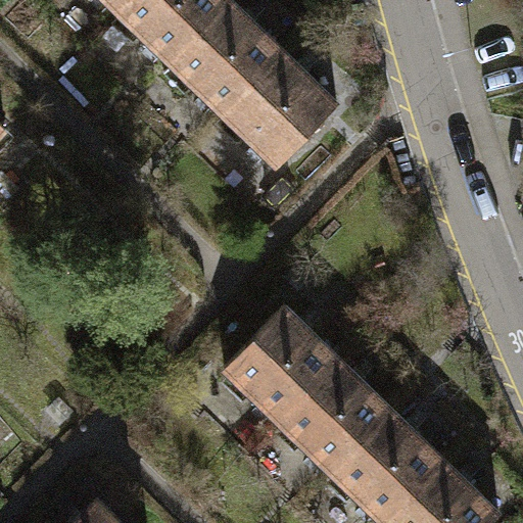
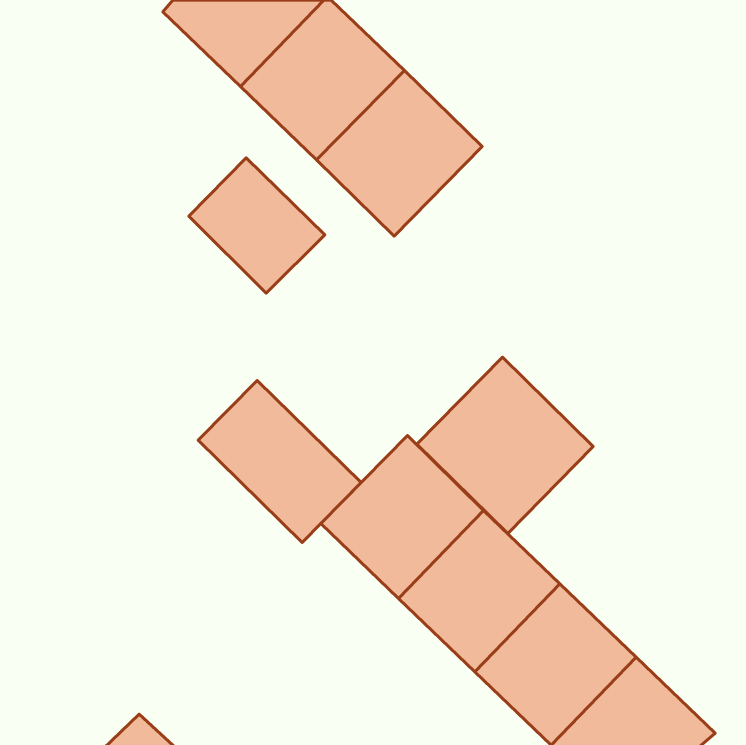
building: none -> [189,158,325,293]
building: none -> [417,357,593,534]
building: none -> [198,380,361,542]

